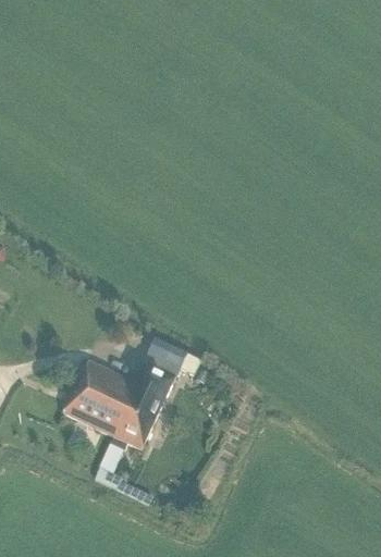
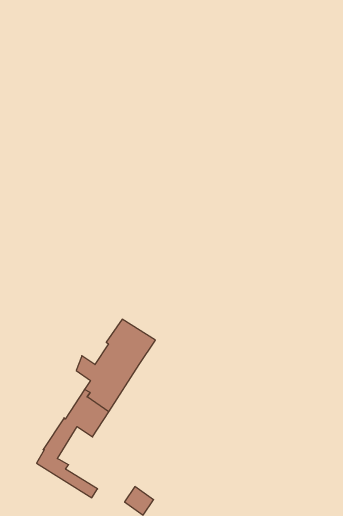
building: [63,361,132,436] -> none

